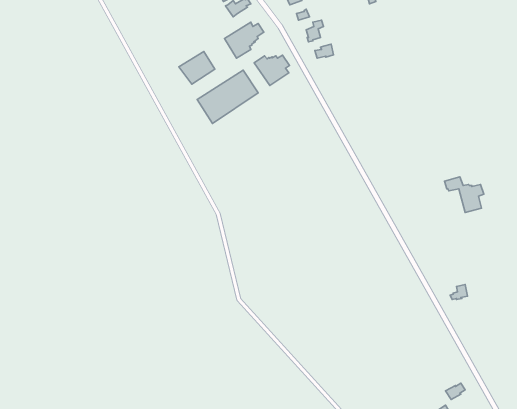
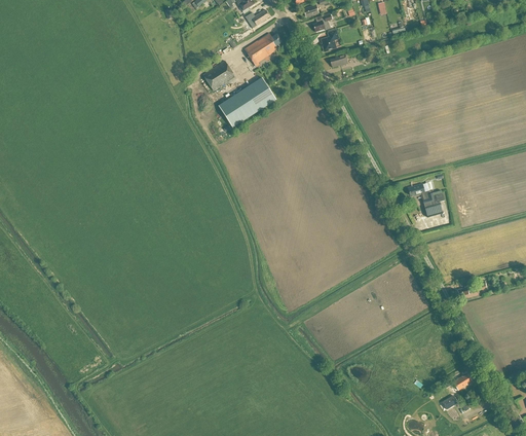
building: [254,55,289,86] -> none
building: [445,177,484,213] -> [408,182,445,216]

